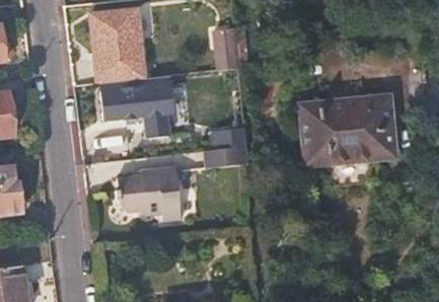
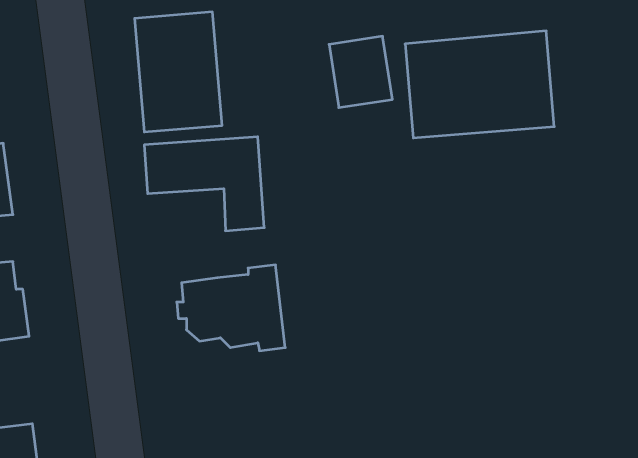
building: [303,96,396,163] -> [405,31,554,138]
building: [200,133,242,170] -> none

